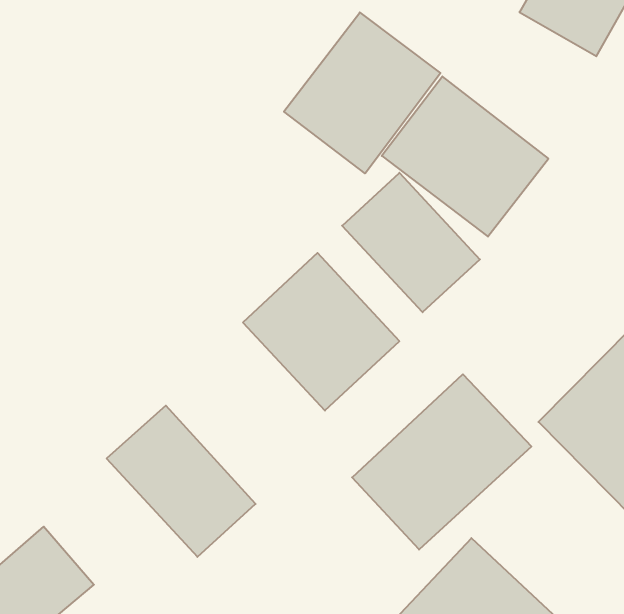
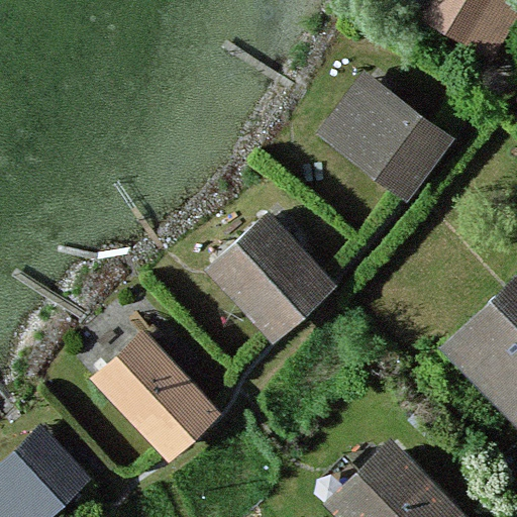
building: [284,12,440,173] -> none
building: [342,173,480,312] -> none
building: [352,374,531,550] -> none

